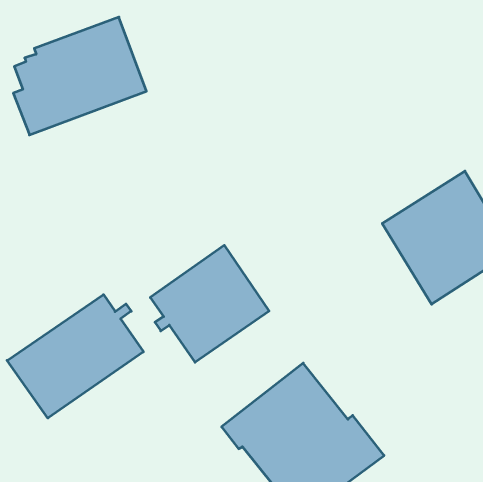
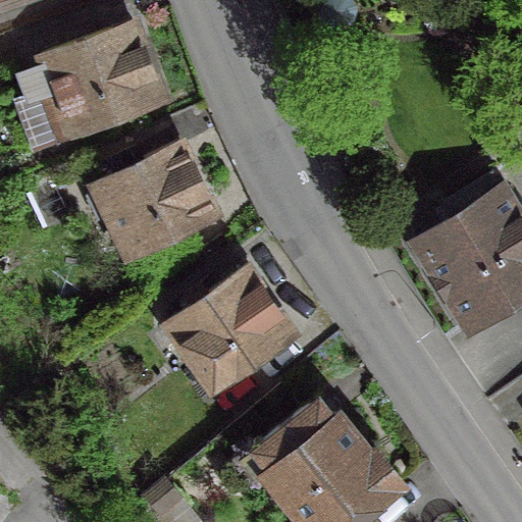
building: none -> [91,143,214,260]
building: [7,295,143,418] -> none

